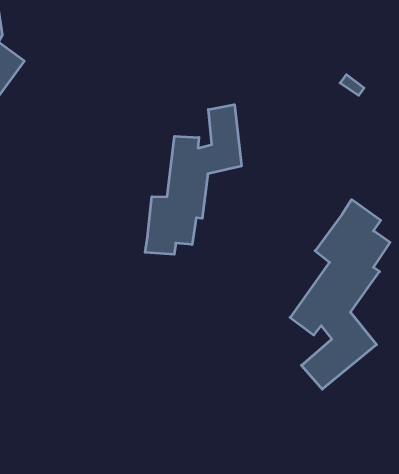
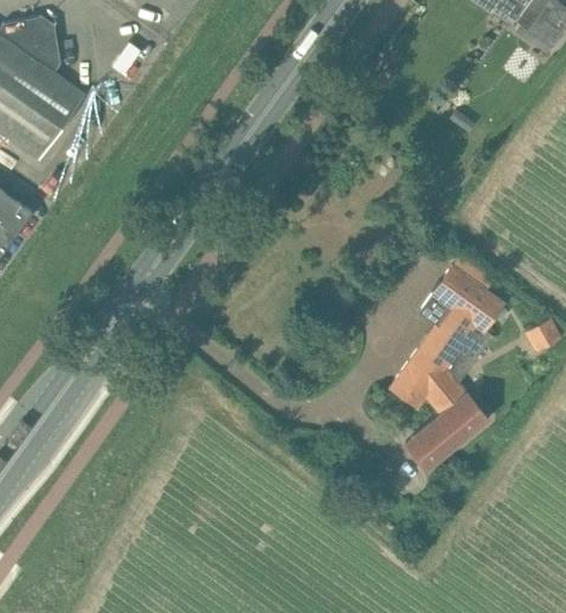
building: [145,105,241,254] -> none

